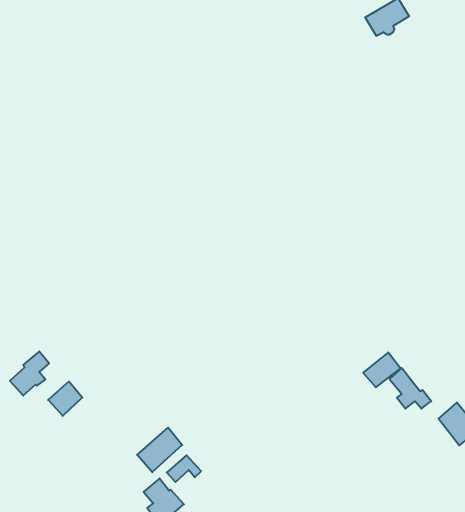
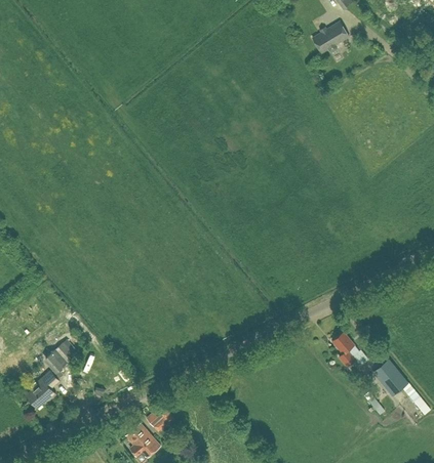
building: [10,351,49,396] -> [26,370,58,407]
building: [363,352,401,387] -> none
building: [137,428,182,472] -> none

